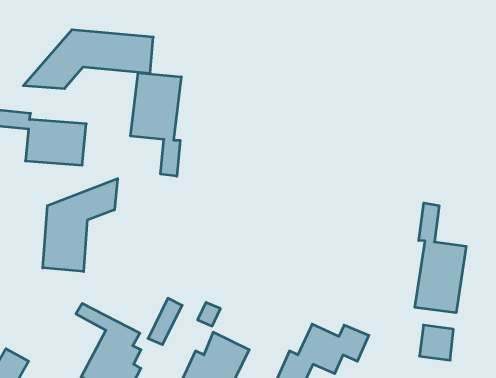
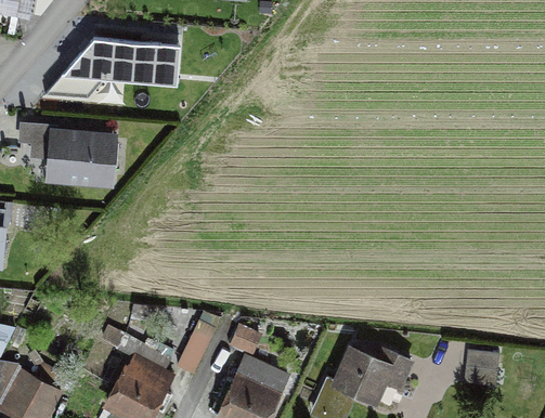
building: [131,73,181,176] -> none
building: [43,179,118,272] -> none
building: [415,203,466,313] -> none

